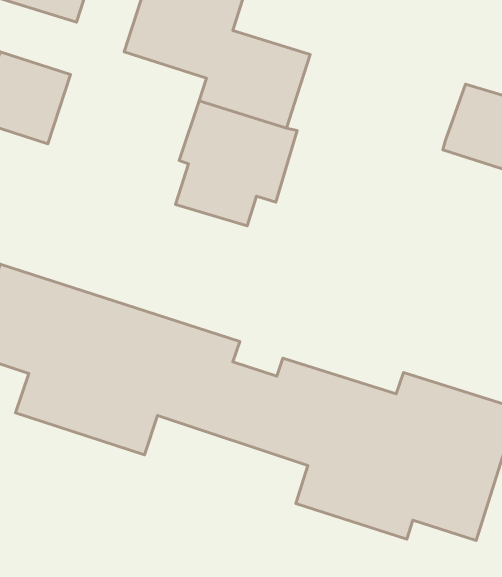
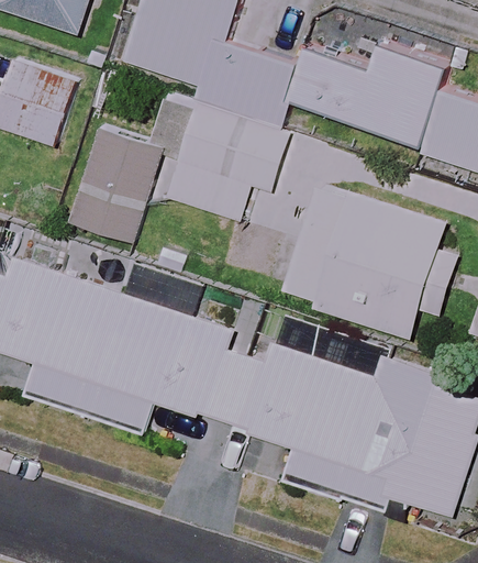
building: none -> [282,46,444,143]
building: none -> [68,96,192,243]
building: none -> [285,183,466,347]

